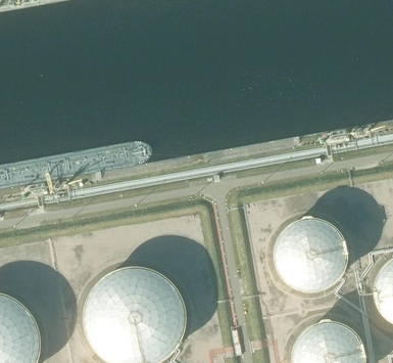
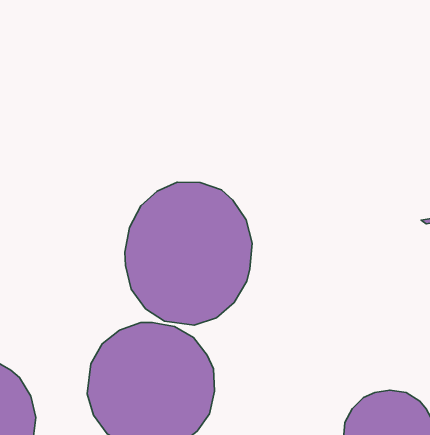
building: none -> [125,182,252,325]
building: [275,219,348,292] -> none

